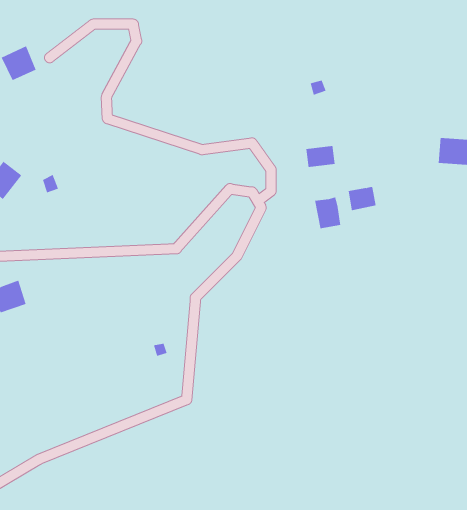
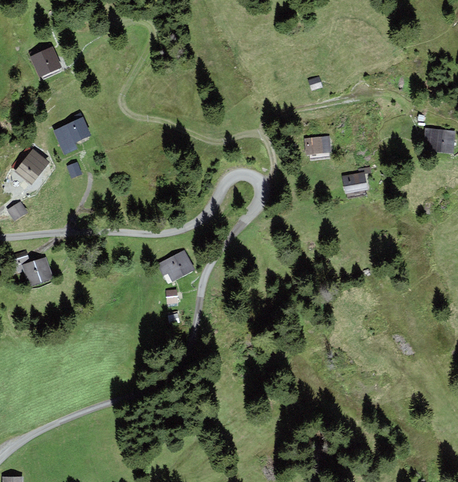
building: none -> [53,117,91,154]
building: [314,196,341,229] -> none
building: none -> [157,249,195,281]

